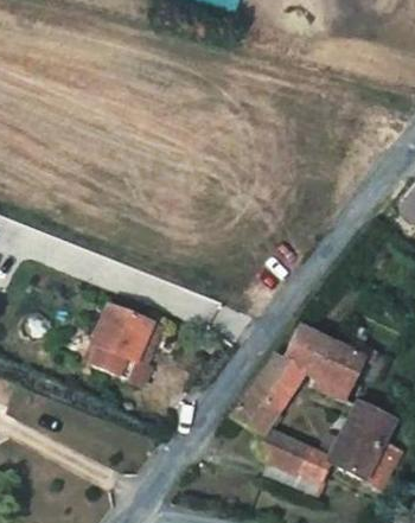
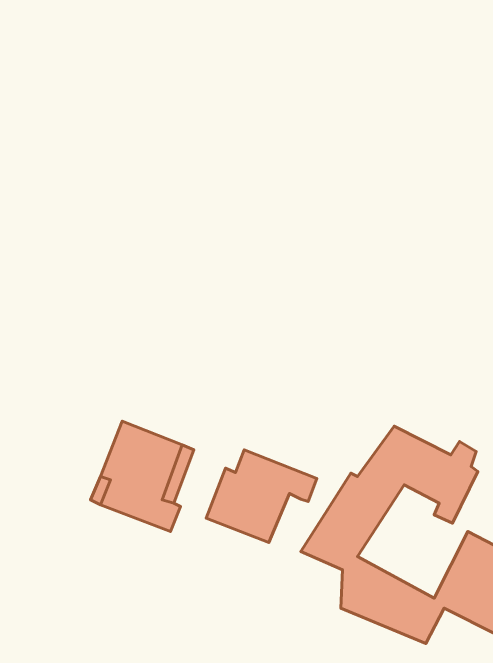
building: none -> [206,450,317,542]

